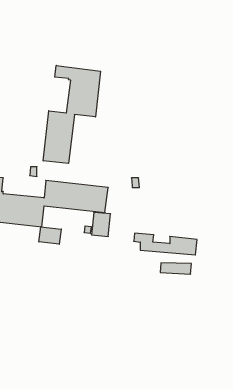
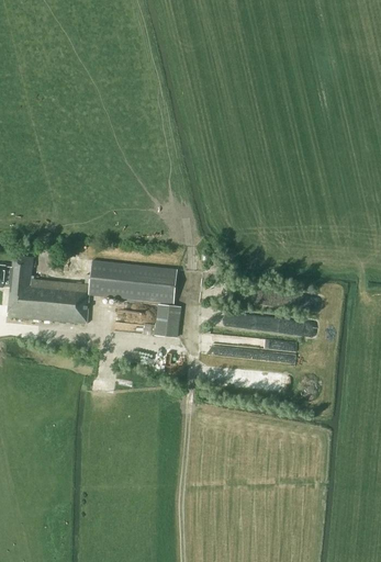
building: [43,65,101,163] -> none
building: [39,227,61,244] -> none

